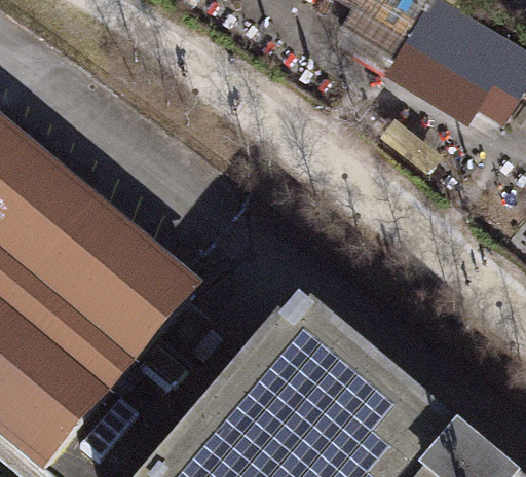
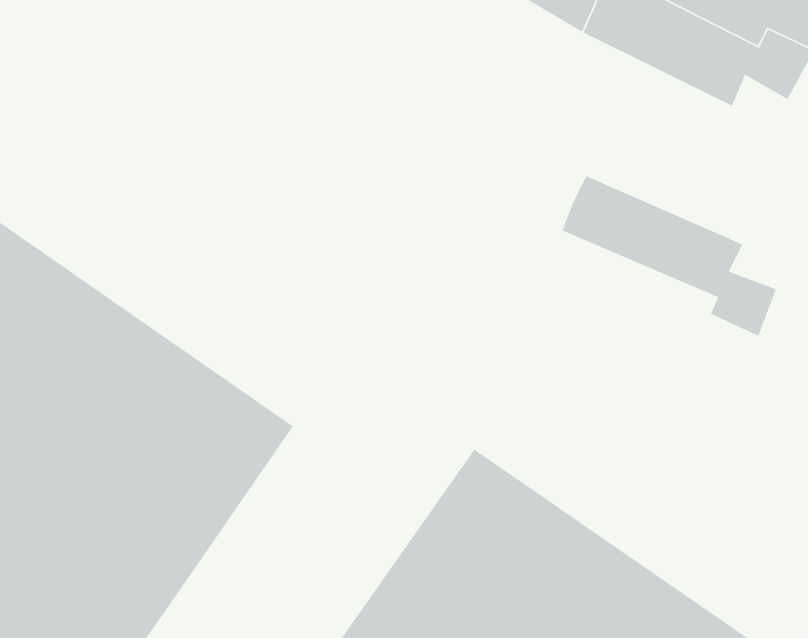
building: none -> [562,175,777,337]

